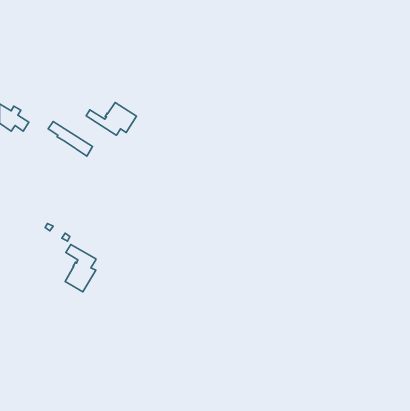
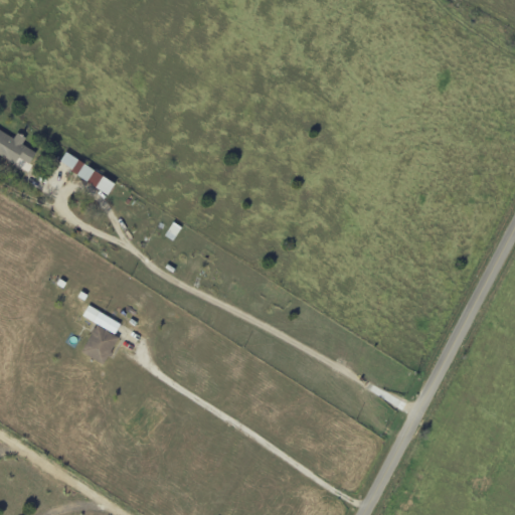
building: [86,103,136,135] -> none

